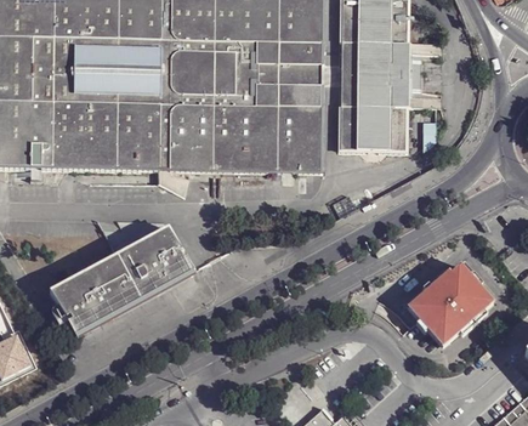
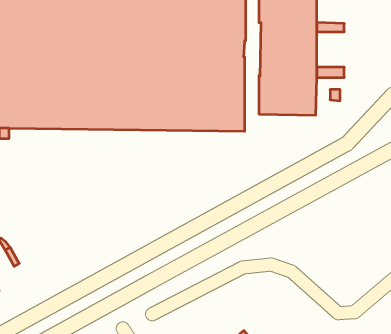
building: [50,227,193,339] -> none
building: [404,267,492,348] -> none

